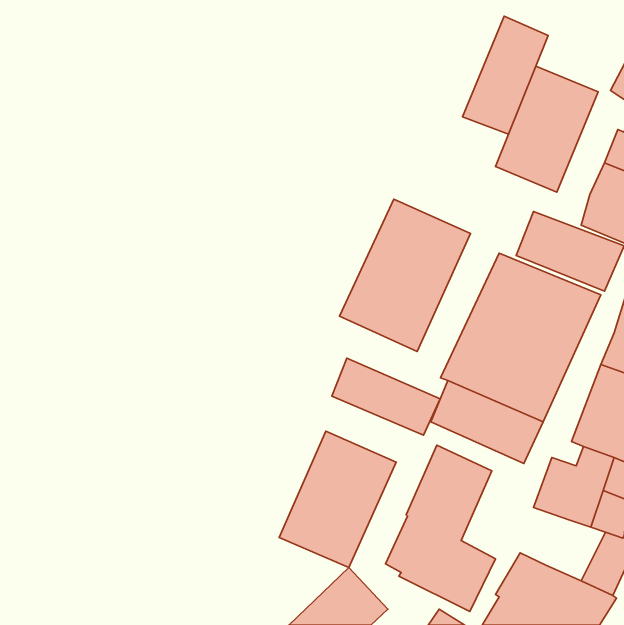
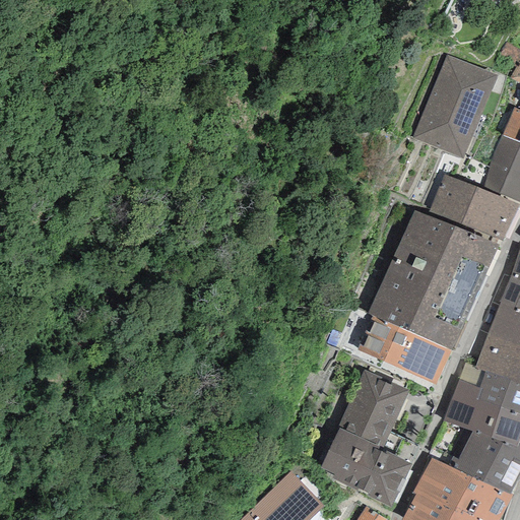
building: [463,16,548,134] -> none
building: [339,199,471,352] -> none
building: [332,358,440,435] -> none
building: [279,431,396,568] -> none
building: none -> [454,432,504,482]

